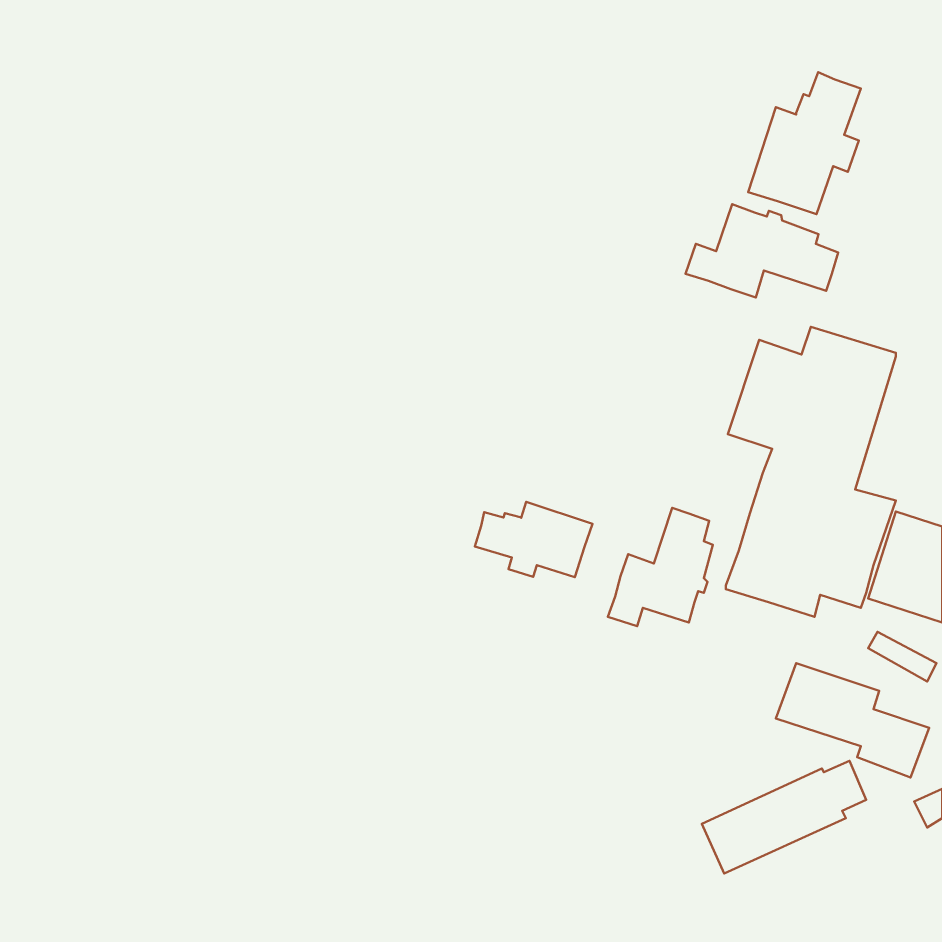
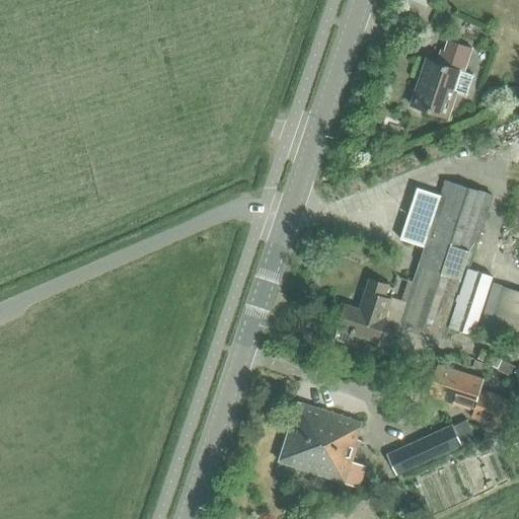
building: [685,204,838,297] -> none
building: [475,502,593,577] -> none
building: none -> [279,399,365,489]

